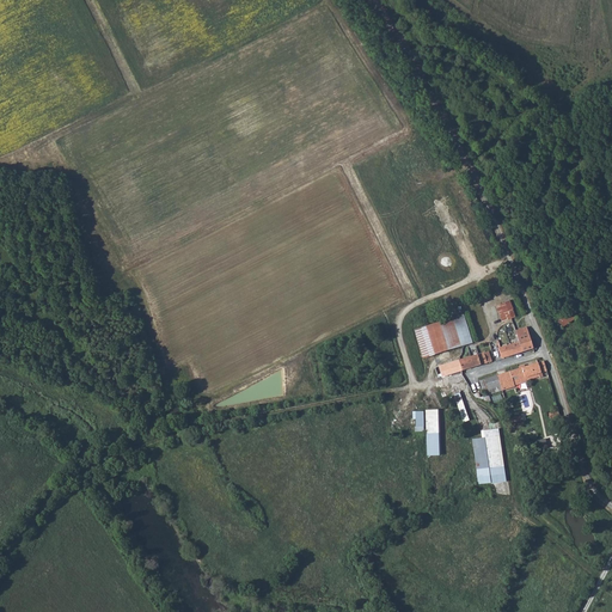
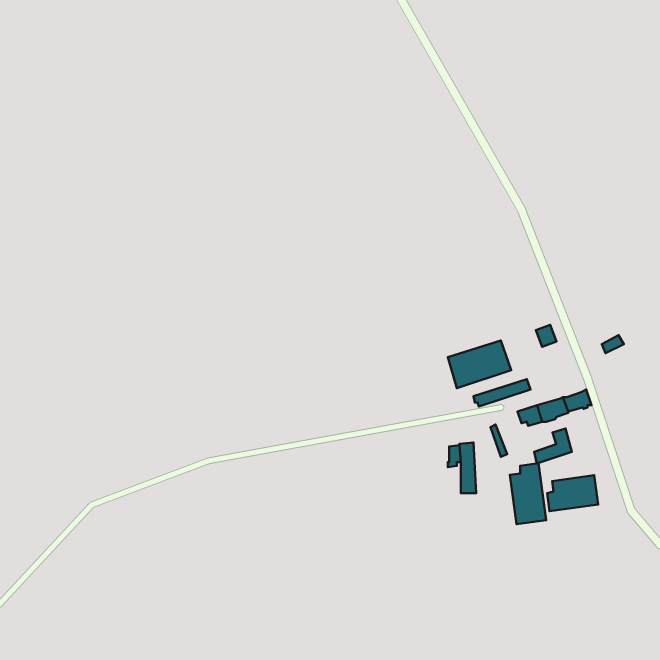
building: [497,326,532,359] -> [534,429,572,463]
building: none -> [547,475,598,511]

